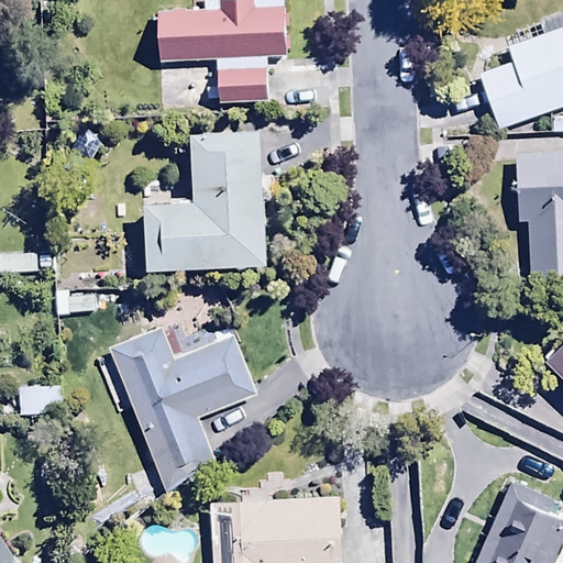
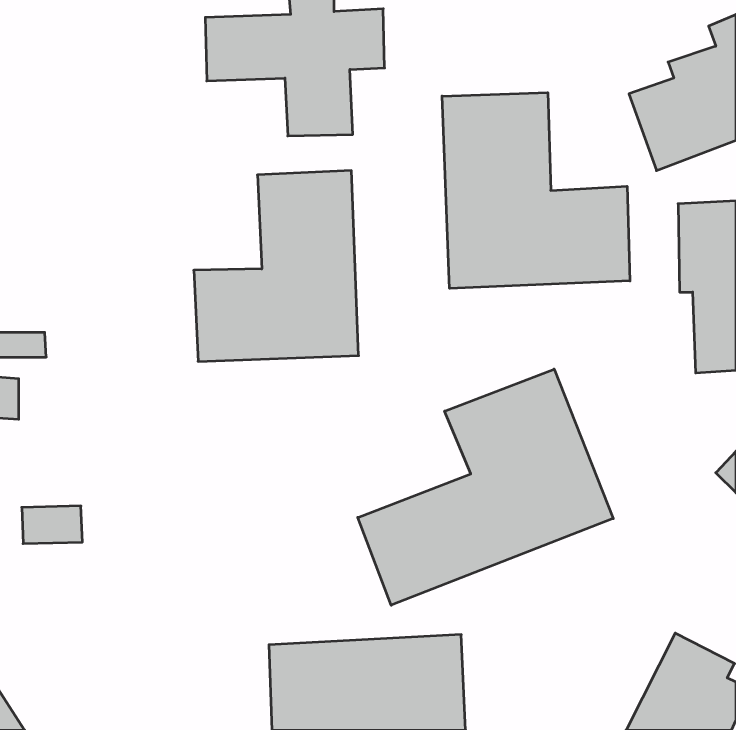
building: none -> [442,93,630,288]
building: none -> [358,369,613,605]
building: [110,319,258,496] -> none

